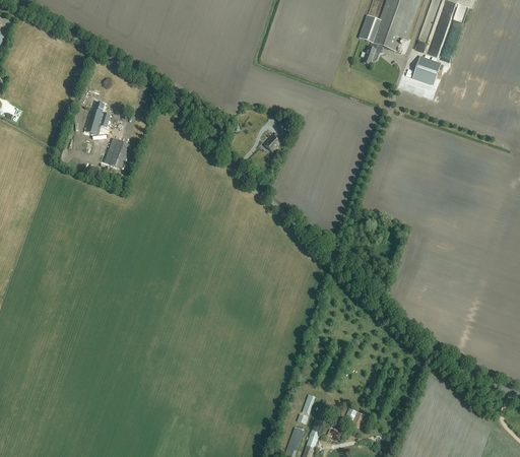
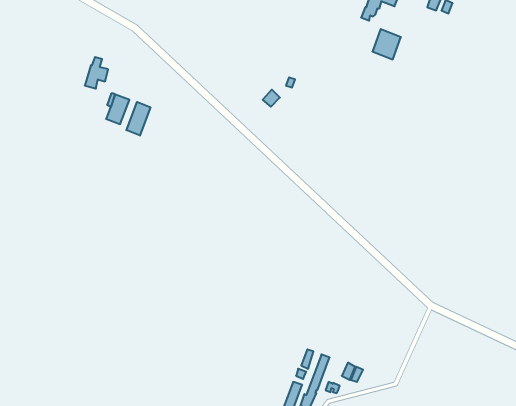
building: [412,55,441,85] -> [372,29,401,59]
building: none -> [126,102,150,136]

